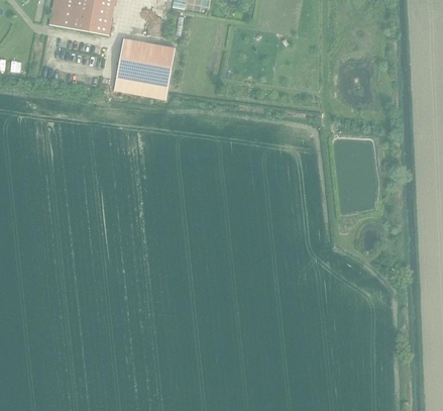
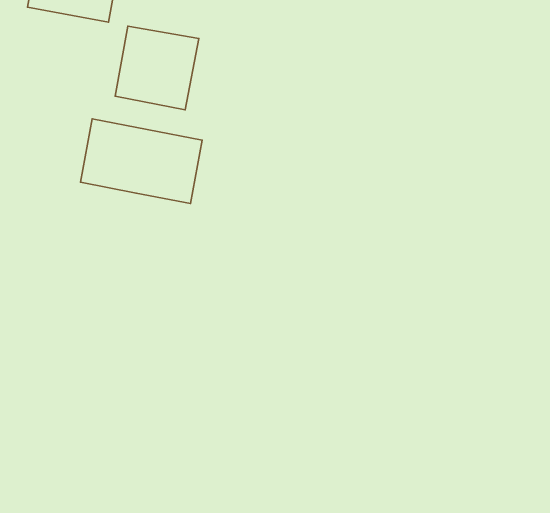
building: none -> [80,119,202,203]

